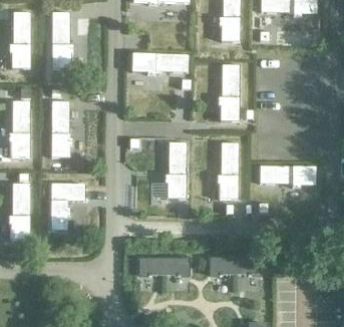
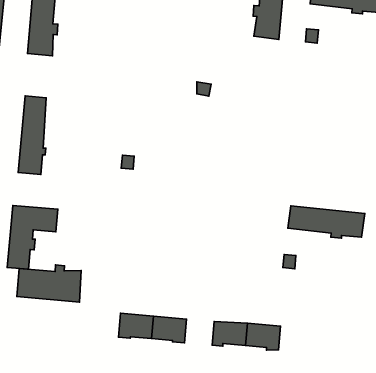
building: [130,53,189,73] -> none
building: [218,65,239,121] -> none
building: [164,143,187,200] -> none
building: [217,143,238,201] -> none
building: none -> [17,265,81,302]

